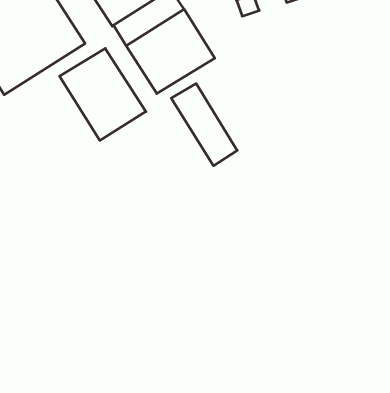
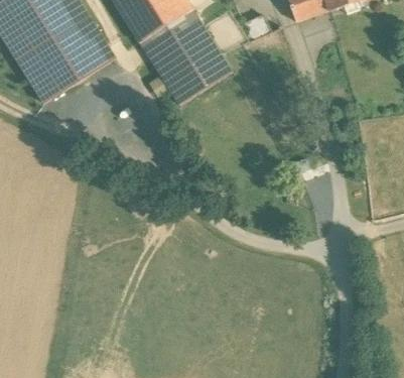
building: [60,48,146,140] -> none
building: [171,84,237,166] -> none

